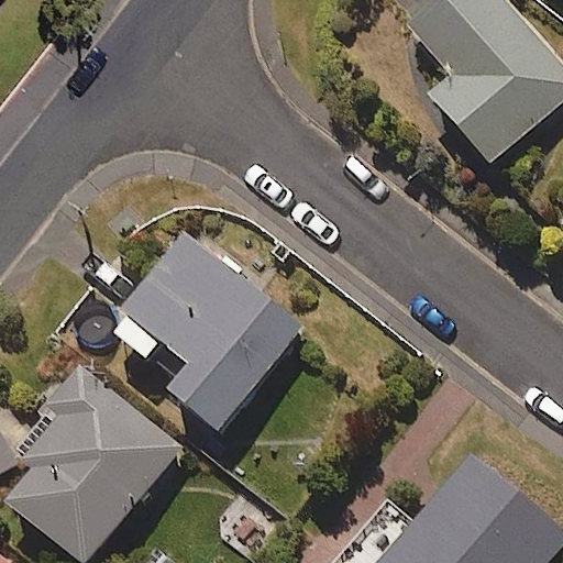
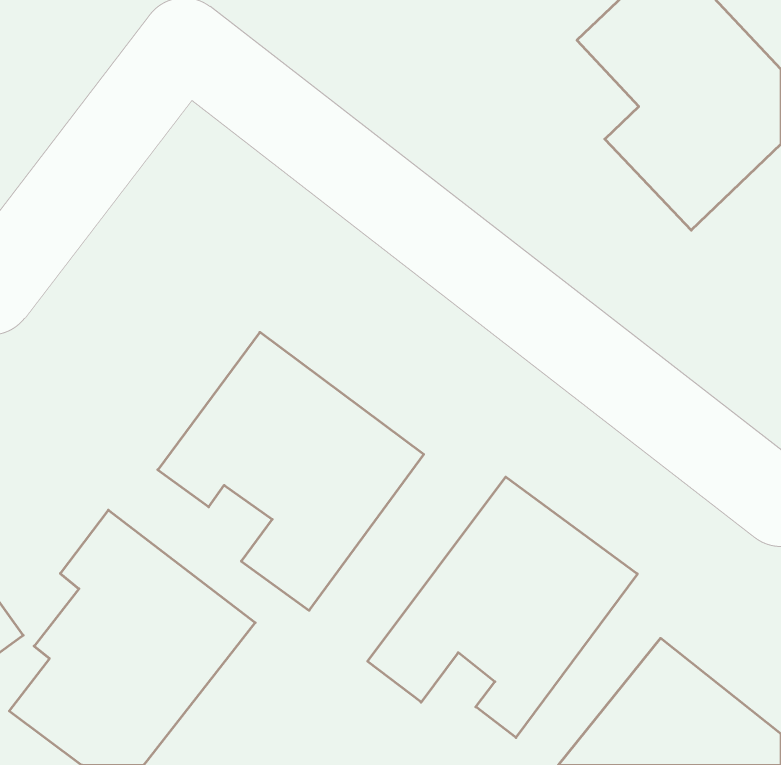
building: none -> [368,477,637,738]

